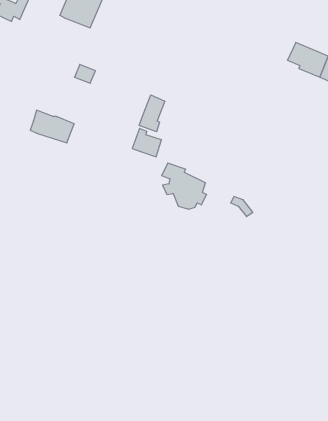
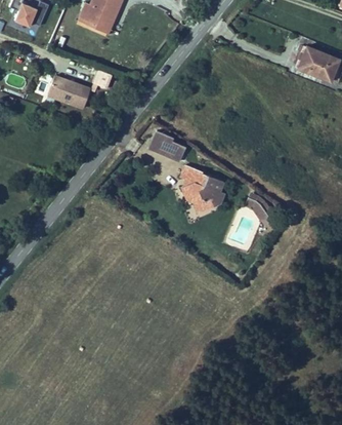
building: [139,95,165,132] -> none
building: [30,110,74,143] -> [49,77,92,109]

